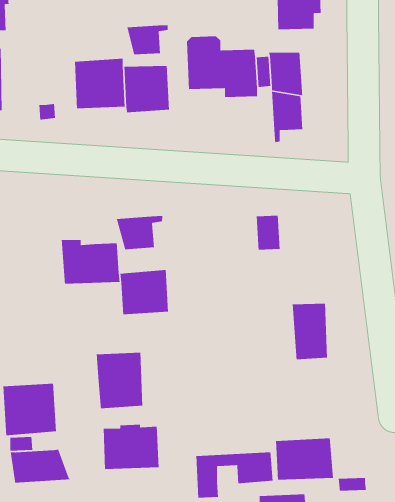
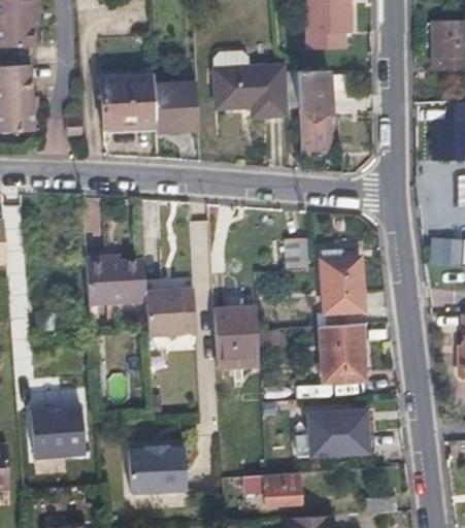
building: [127,25,169,55] -> none
building: [116,215,163,250] -> none
building: none -> [322,248,365,311]
building: [96,352,143,409] -> [213,311,261,369]
building: [275,437,334,480] -> [309,411,368,455]
building: [10,449,71,483] -> none

